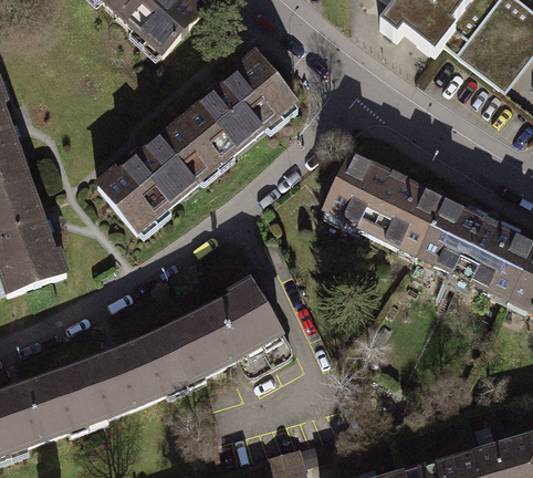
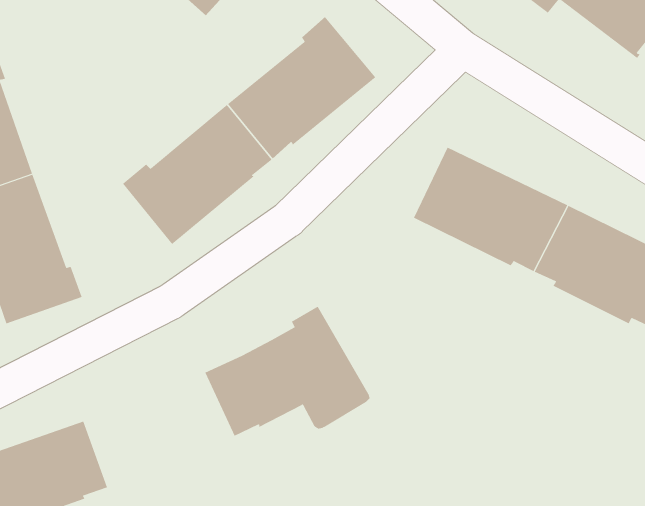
building: [69,331,186,420] -> none

